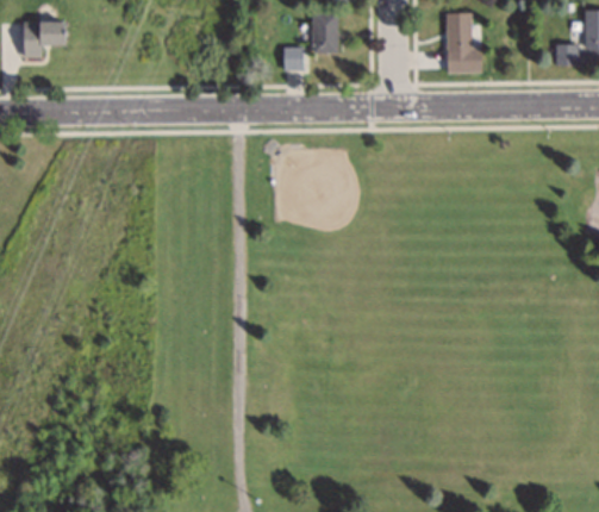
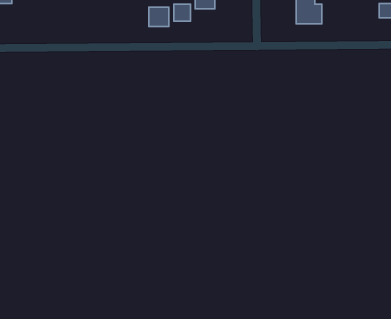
building: none -> [149,7,169,26]

